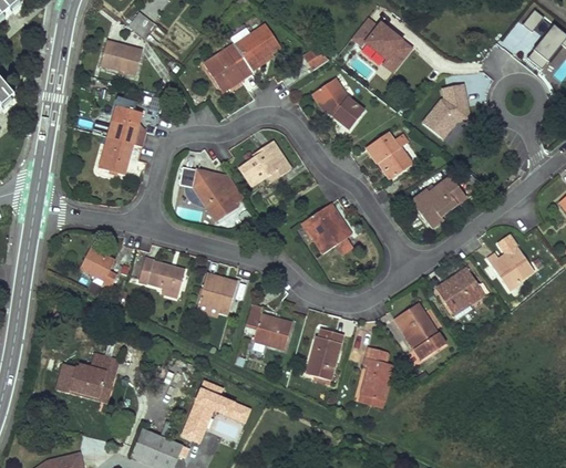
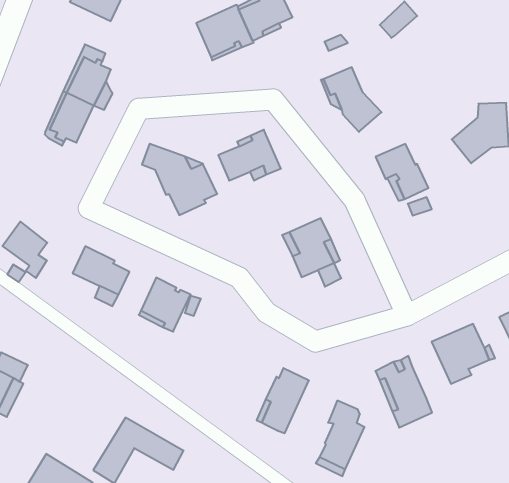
building: [364,25,410,69] -> none
building: [411,175,466,228] -> none
building: [253,315,291,349] -> none

